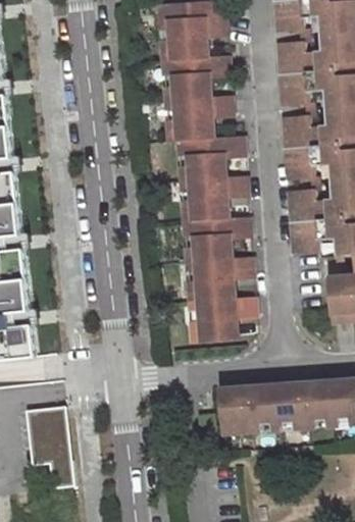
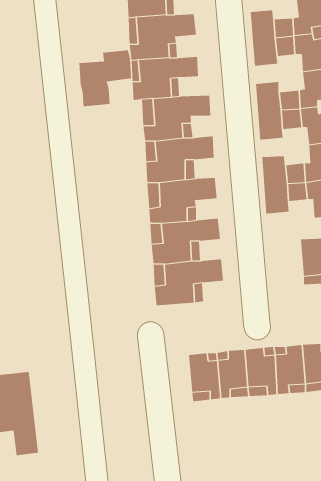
building: none -> [79,49,132,107]

